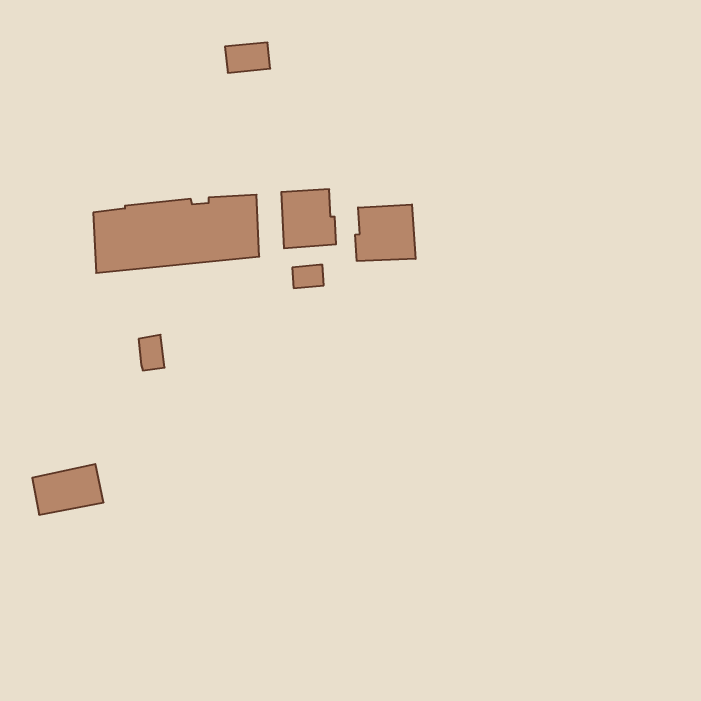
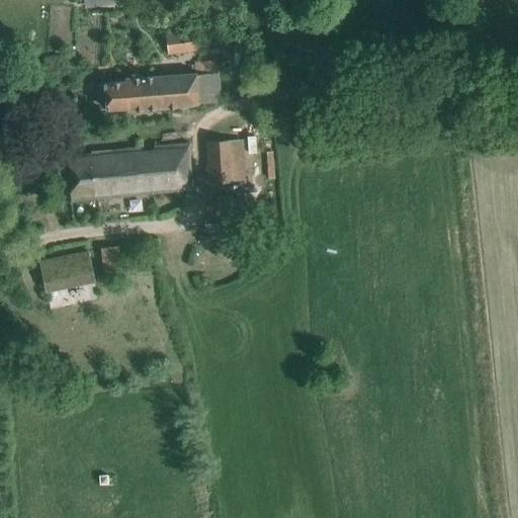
building: none -> [99,62,221,110]
building: [355,204,416,261] -> none
building: [32,464,104,515] -> [41,253,94,290]

